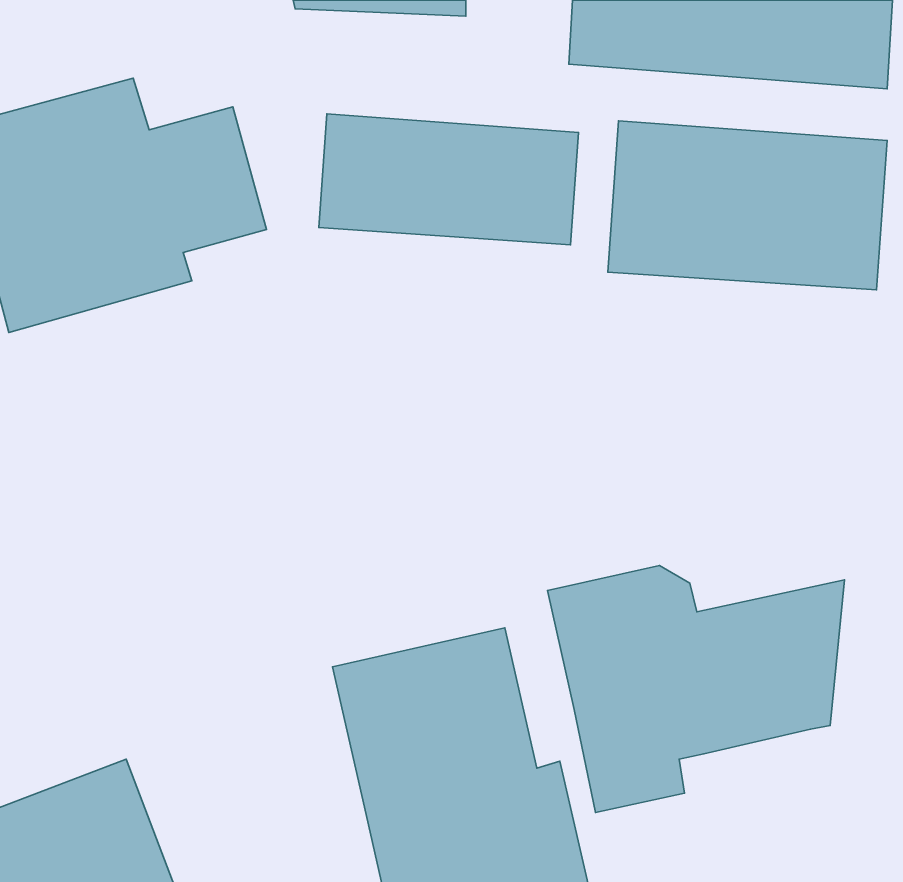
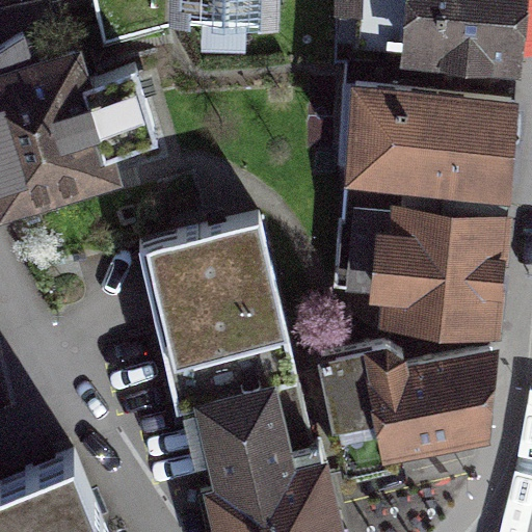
building: [319,114,578,245] -> none
building: none -> [350,210,506,326]
building: none -> [139,220,295,409]

